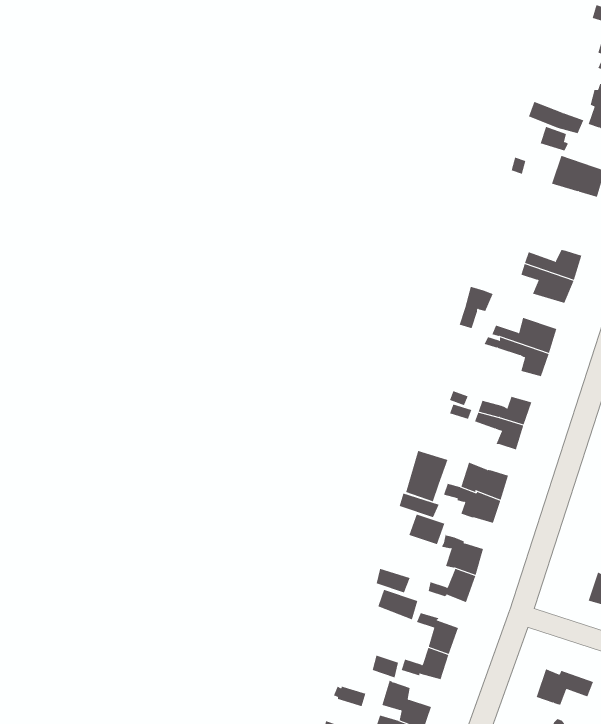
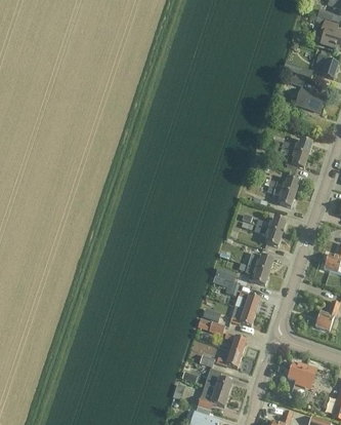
building: [405,450,448,502] -> none

